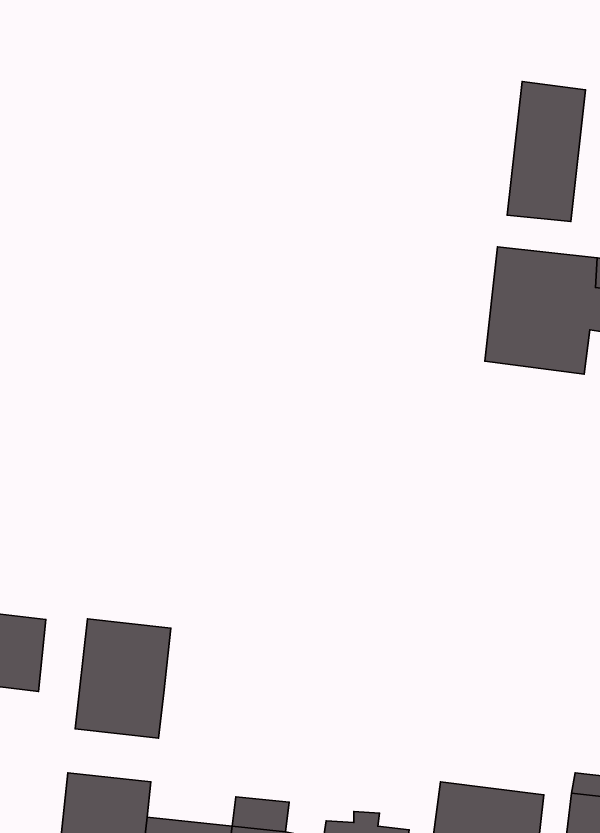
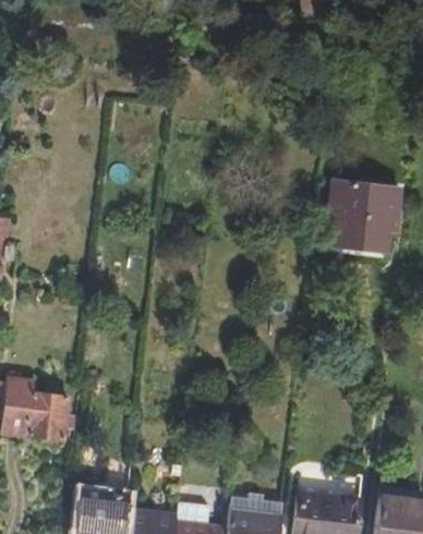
building: [507,81,585,221] -> none
building: [75,619,171,738] -> none

